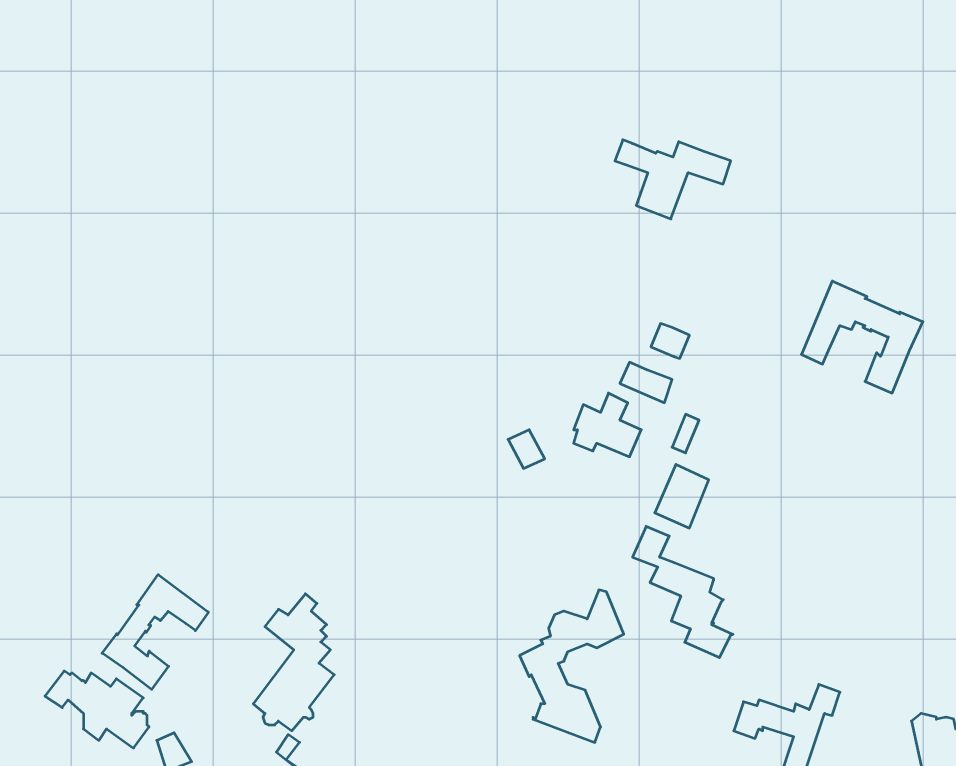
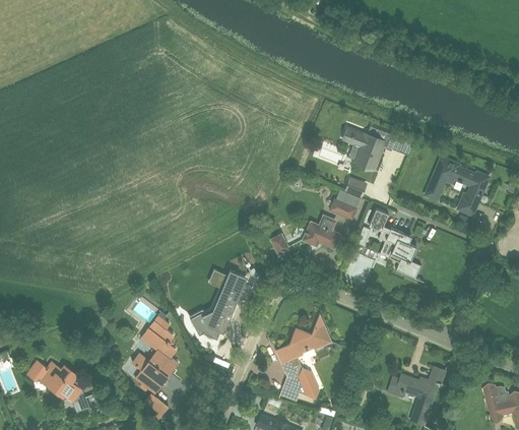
building: [615,140,731,219] -> [343,127,404,169]
building: none -> [189,275,242,339]
building: [633,526,733,658] -> [369,208,421,278]
building: [102,575,208,689] -> none

